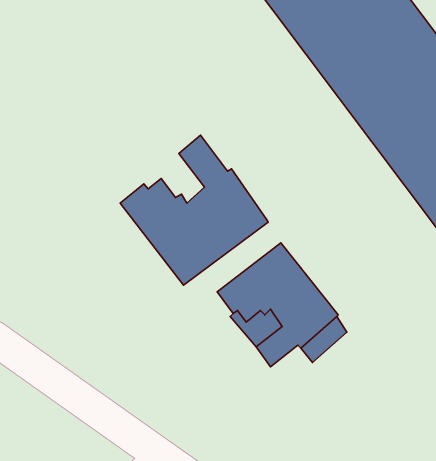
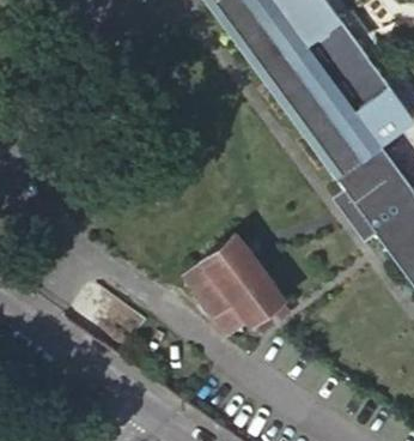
building: [120,135,268,285] -> none

